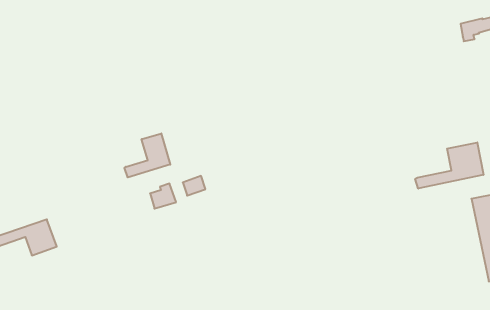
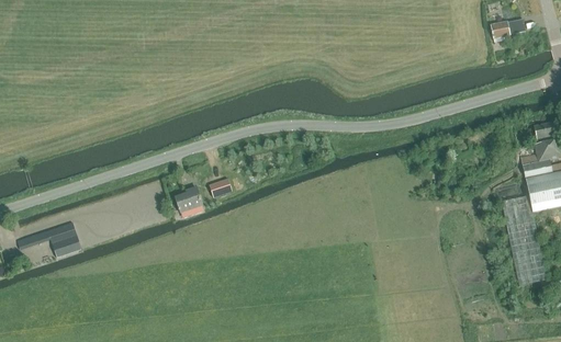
building: [124,133,170,177] -> none
building: [415,142,483,189] -> none

